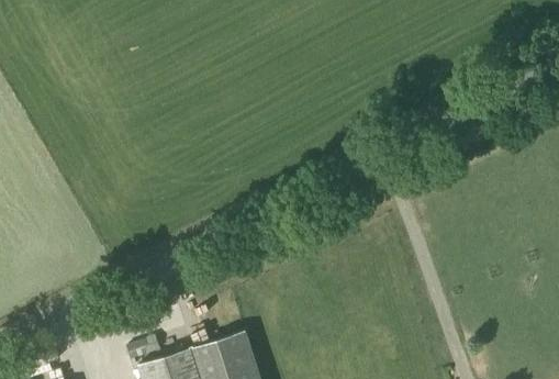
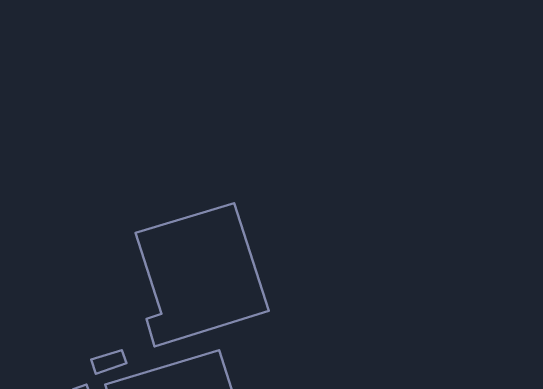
building: none -> [136,203,269,346]

